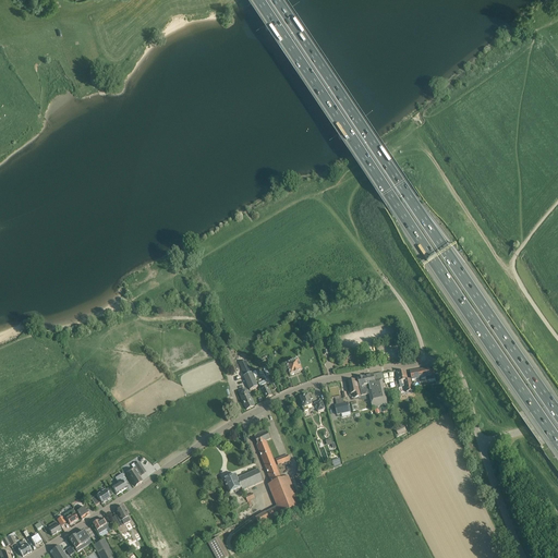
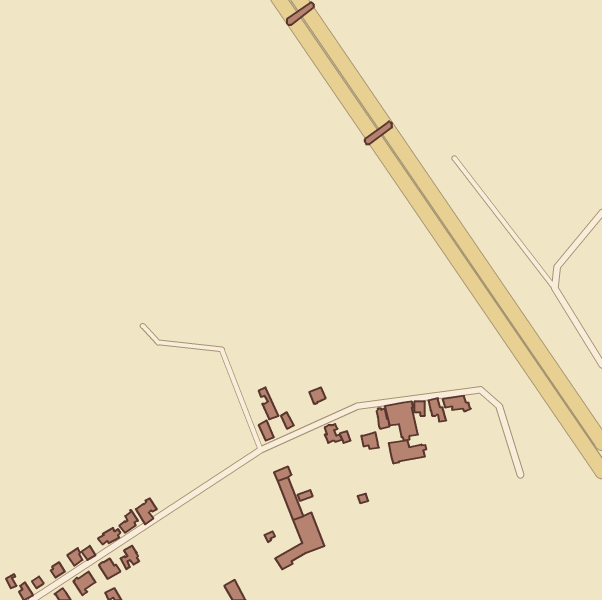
building: none -> [389,440,426,464]
building: [222,466,263,490] -> none

